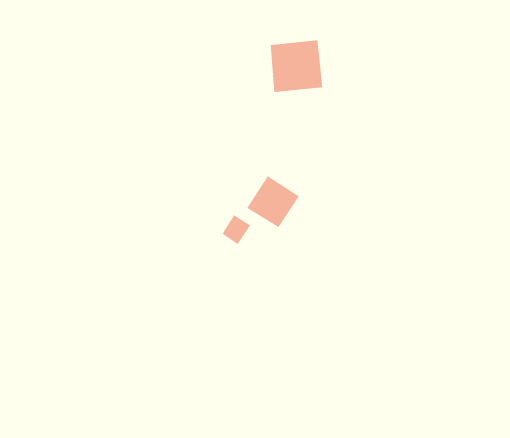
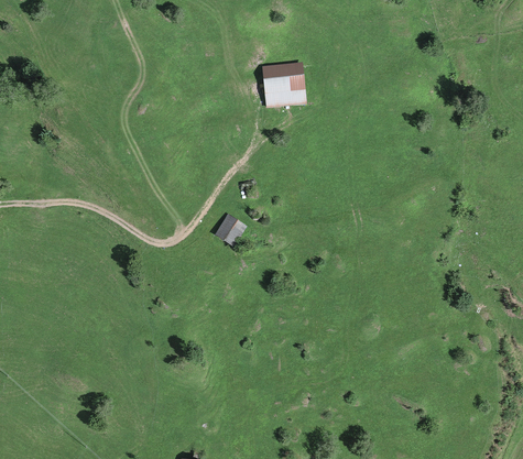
building: [246,175,300,228] -> none

